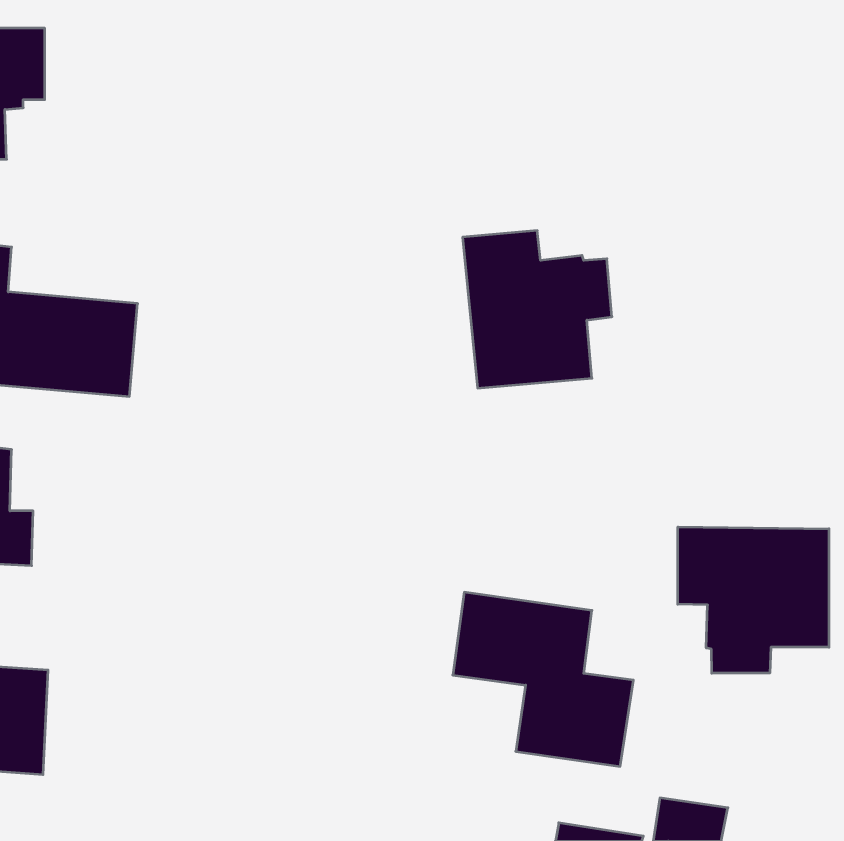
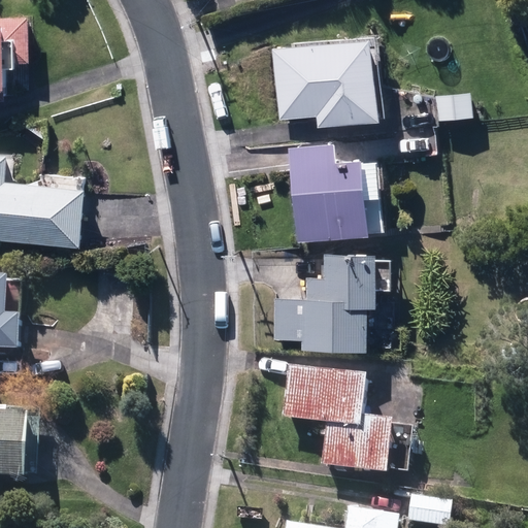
building: none -> [272,39,378,126]
building: none -> [273,253,394,351]
building: [678,527,829,673] -> none

